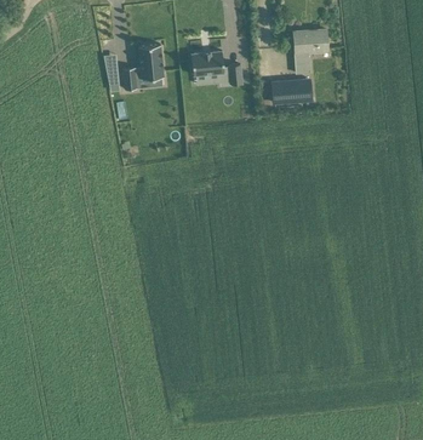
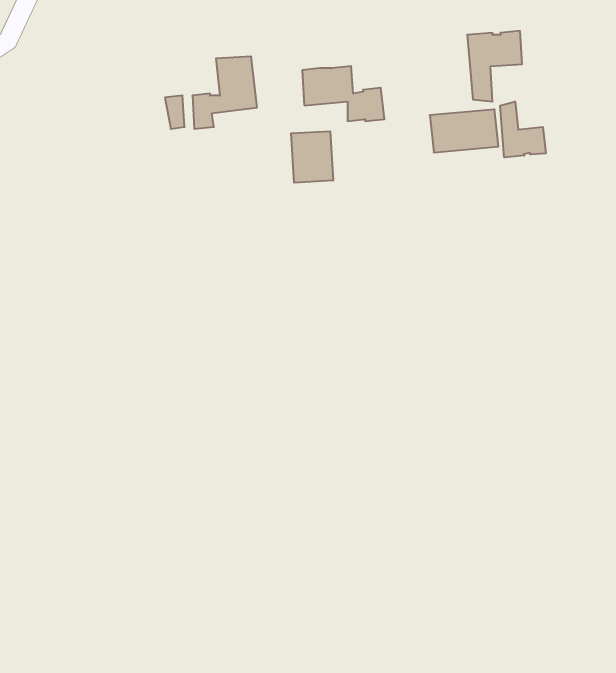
building: none -> [500,101,546,157]
building: none -> [291,131,333,183]

